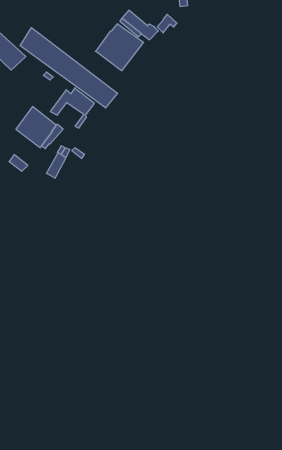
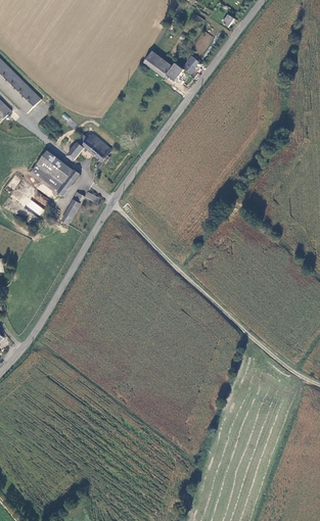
building: [95,24,143,71] -> none
building: [20,28,118,108] -> none

